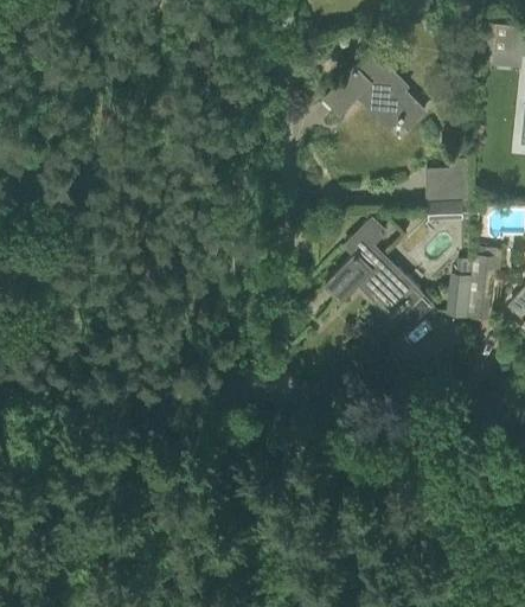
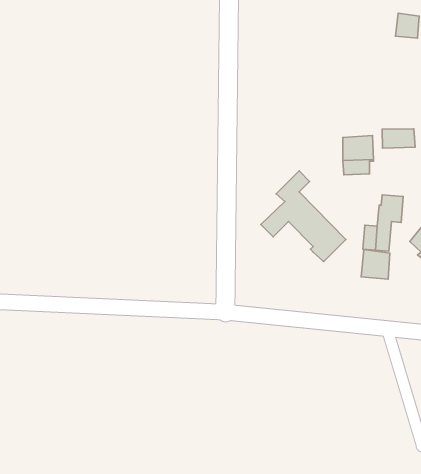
building: [324,56,425,132] -> none
building: none -> [382,129,415,148]
building: none -> [361,250,390,279]

